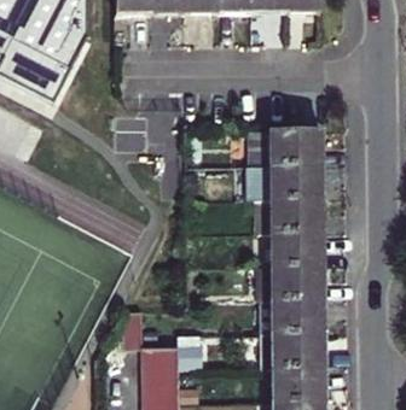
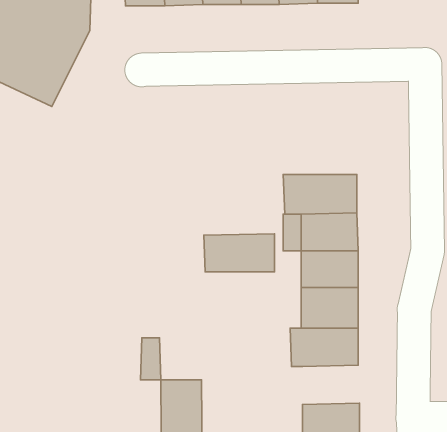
building: [259,133,321,166] -> [204,234,275,272]
building: [273,335,324,370] -> none

